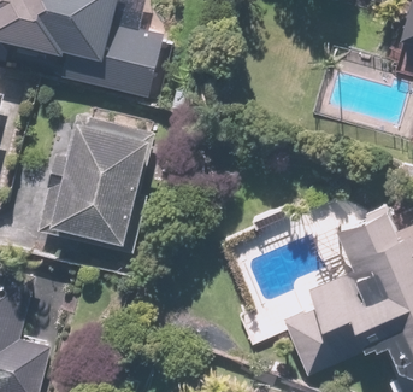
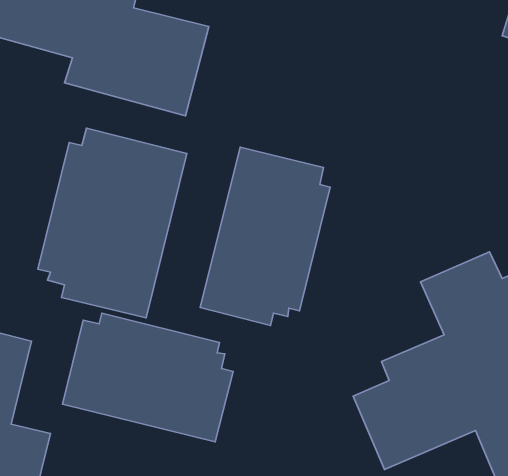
building: none -> [200,147,330,326]
building: none -> [62,313,233,442]

